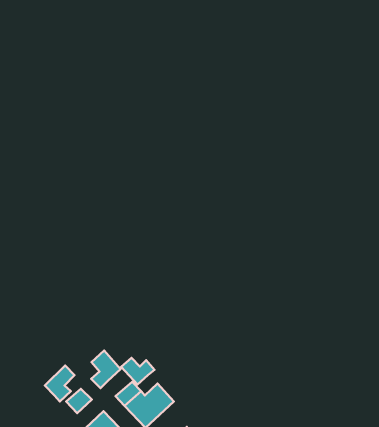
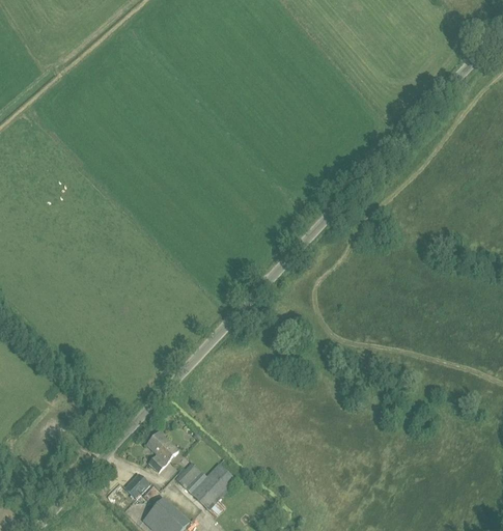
building: [121,358,154,384] -> none
building: [45,365,75,402] -> none

